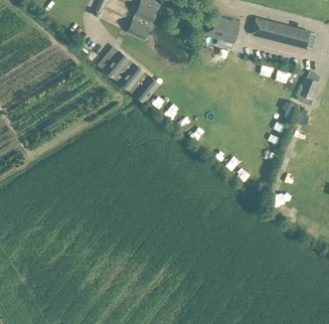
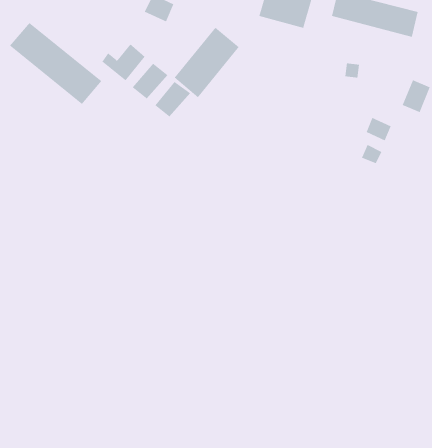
building: none -> [9,22,102,105]
building: none -> [174,27,239,98]

